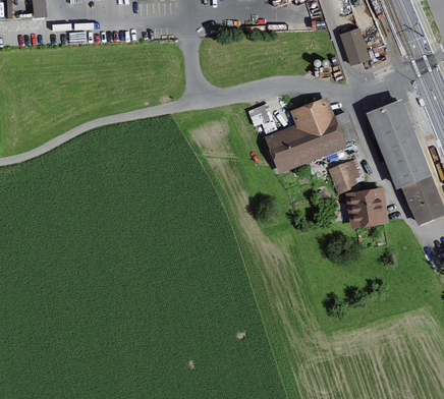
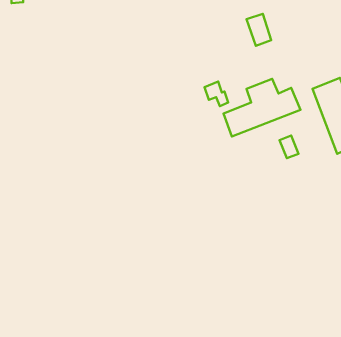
building: [340,30,368,65] -> [247,14,271,46]
building: [350,188,382,223] -> none

